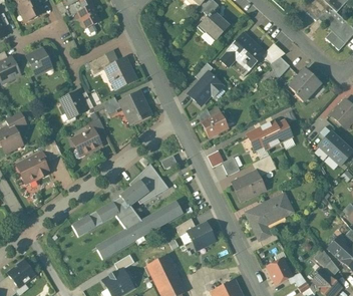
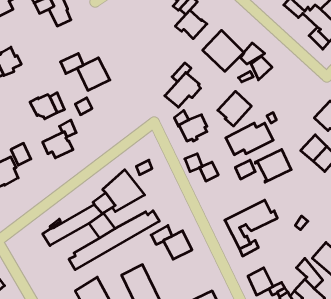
building: [288,68,320,101] -> [218,91,251,126]
building: [118,90,149,123] -> none
building: [231,171,265,202] -> [255,149,291,182]

